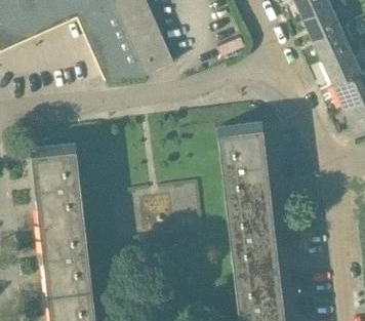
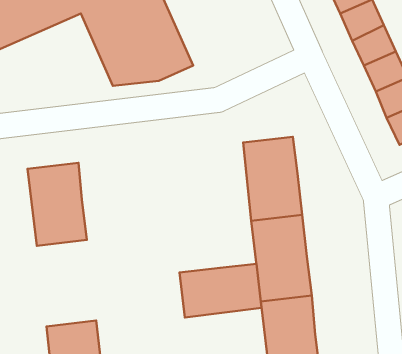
building: [40,213,91,288] -> none
building: none -> [180,264,261,318]

